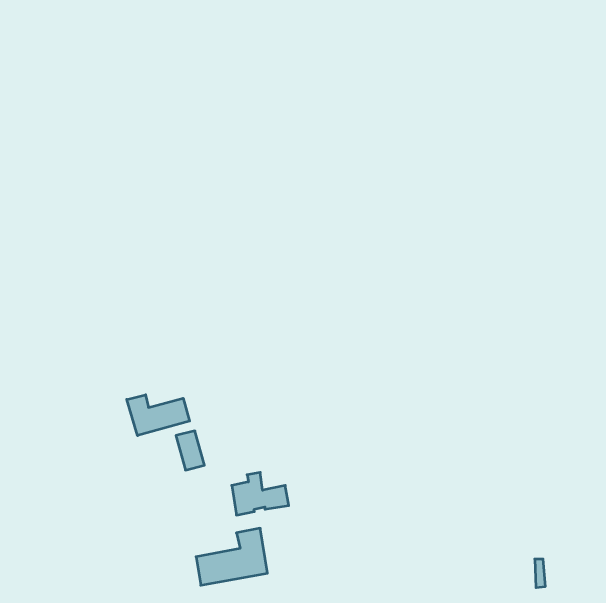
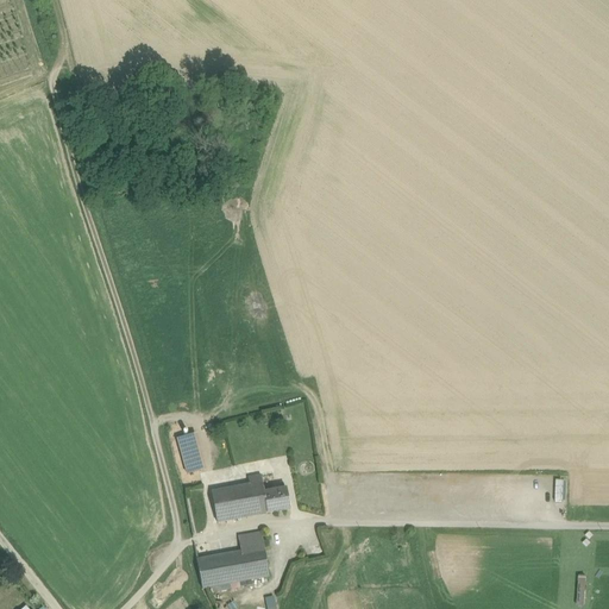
building: [127,395,190,436] -> none
building: none -> [211,486,237,520]

